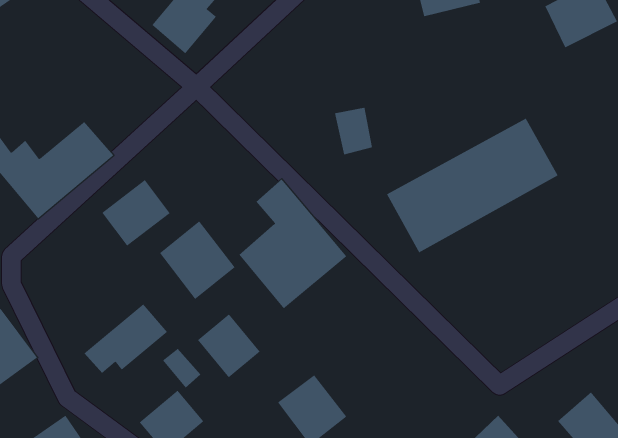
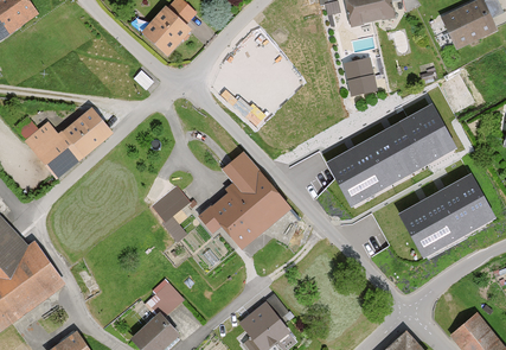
building: [334,107,373,155] -> [342,61,372,97]
building: [102,179,170,246] -> none
building: none -> [395,172,493,256]
building: [84,304,168,374] -> none
building: [197,313,260,378] -> none

